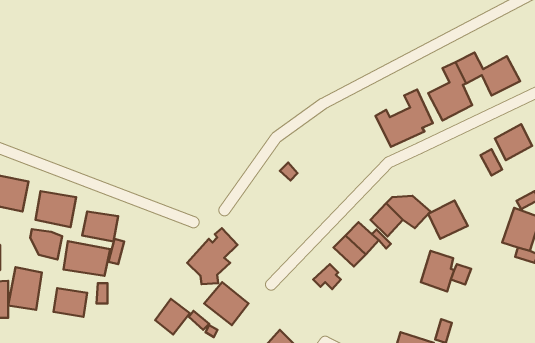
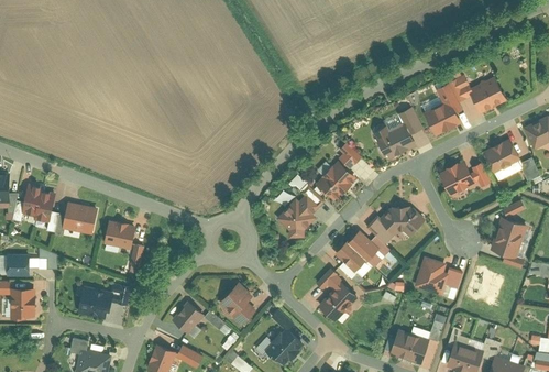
building: none -> [314,143,360,204]
building: [428,201,468,239] -> [440,162,476,197]
building: [187,228,237,284] -> [276,187,322,239]
building: [30,229,62,260] -> none
building: [63,241,110,276] -> none
building: [8,267,42,310] -> none
building: none -> [320,283,358,320]

